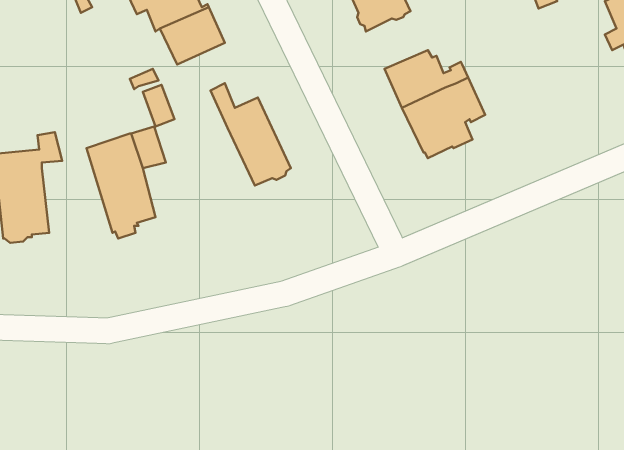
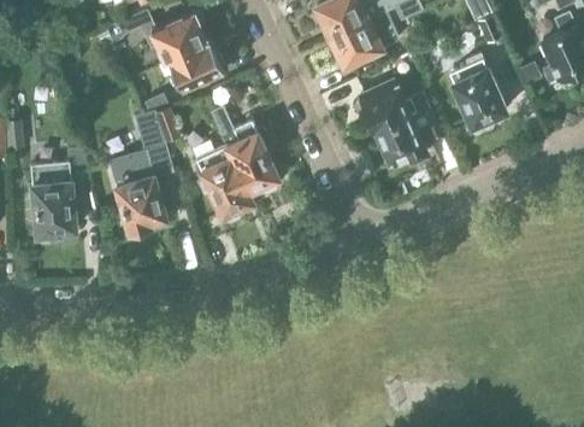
building: none -> [447,51,505,123]
building: none -> [196,145,254,217]

